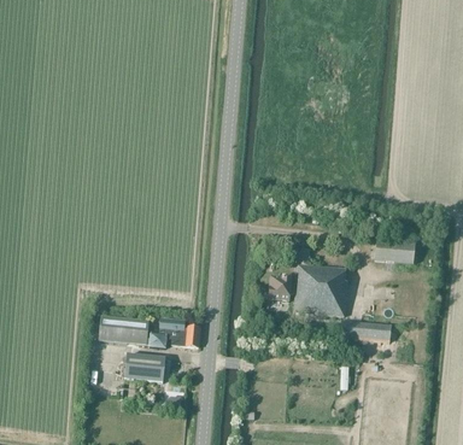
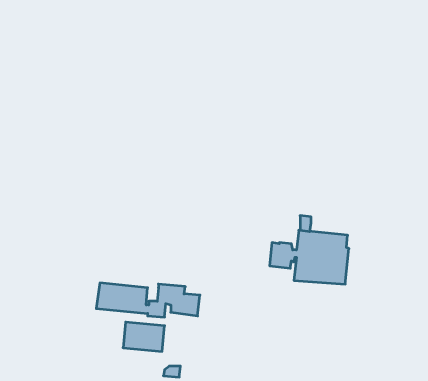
building: [375,235,416,264] -> none
building: [341,320,391,341] -> none

